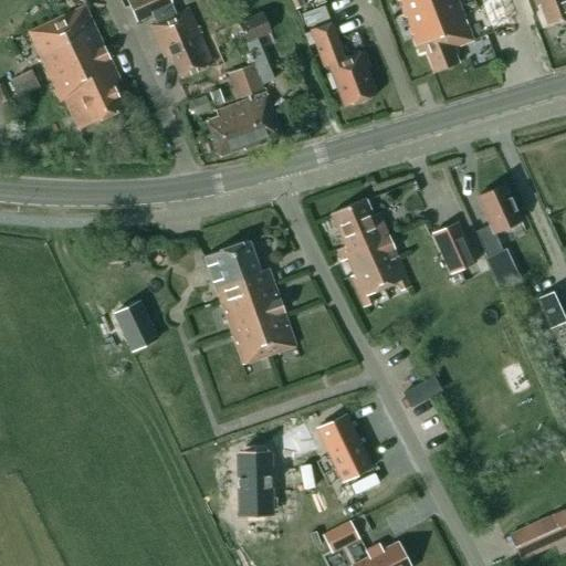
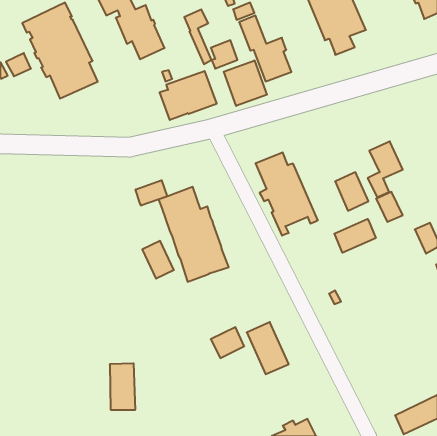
building: [229,62,263,98] -> [211,40,237,69]
building: none -> [224,60,267,106]
building: none -> [136,180,167,206]
building: none -> [334,219,376,253]
building: [119,308,160,357] -> [142,241,174,279]
building: [239,451,272,511] -> [110,363,135,410]
building: [323,520,359,551] -> none

